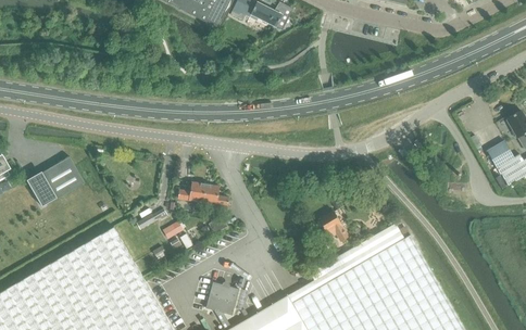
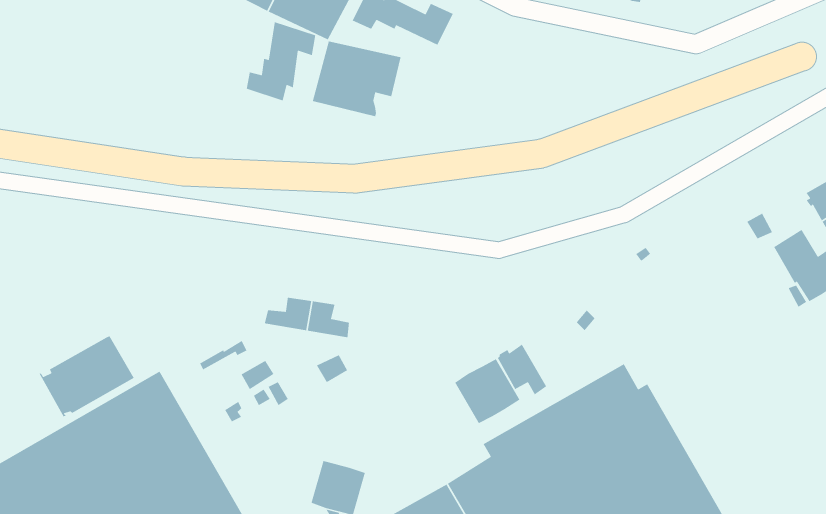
building: none -> [246,21,316,101]
building: none -> [312,40,402,117]
building: [26,157,85,207] -> [38,335,135,418]
building: none -> [454,358,521,424]

